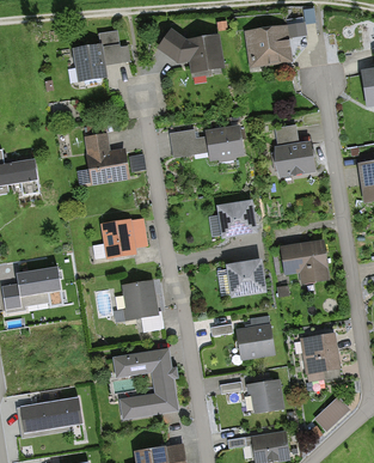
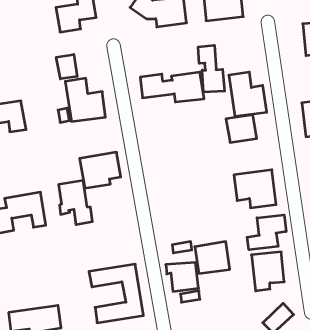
building: none -> [198,45,225,92]
building: none -> [56,54,77,79]
building: [216,203,252,236] -> [226,115,257,142]
building: [226,262,260,294] -> none
building: [121,280,160,331] -> [59,180,92,225]
building: none -> [247,215,286,250]
building: [246,380,284,414] -> [166,263,199,291]

